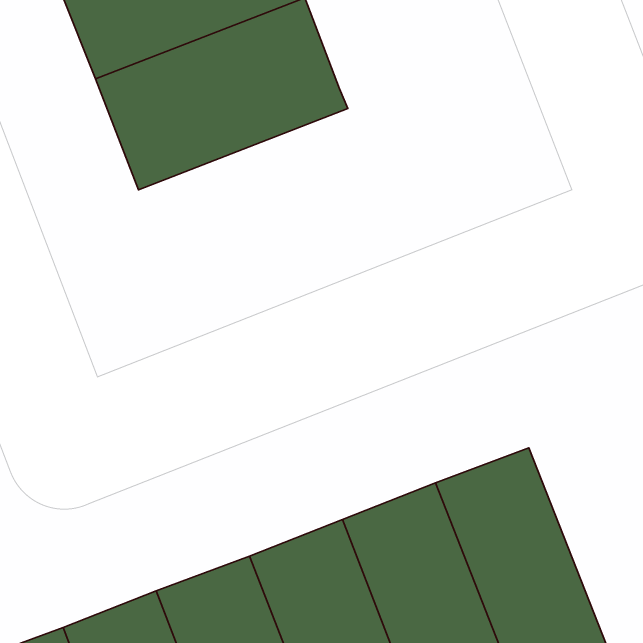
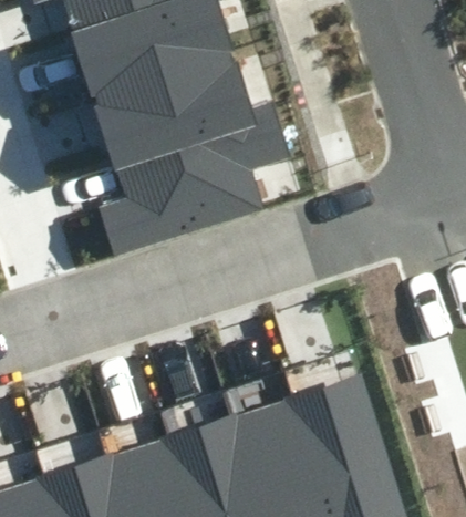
building: none -> [96,112,288,263]

